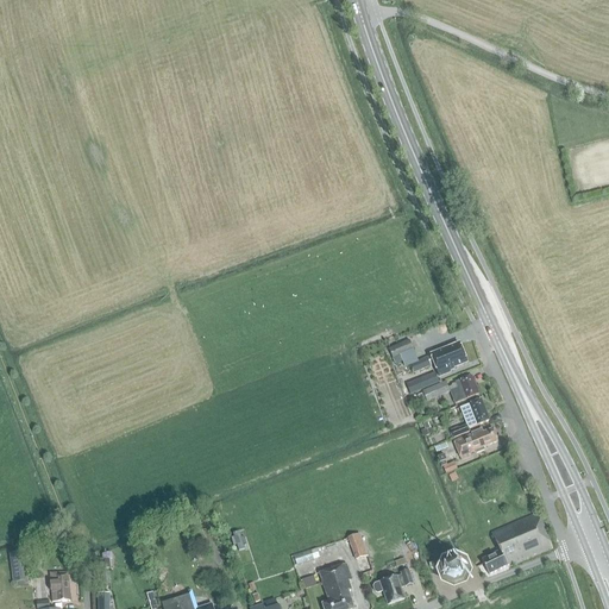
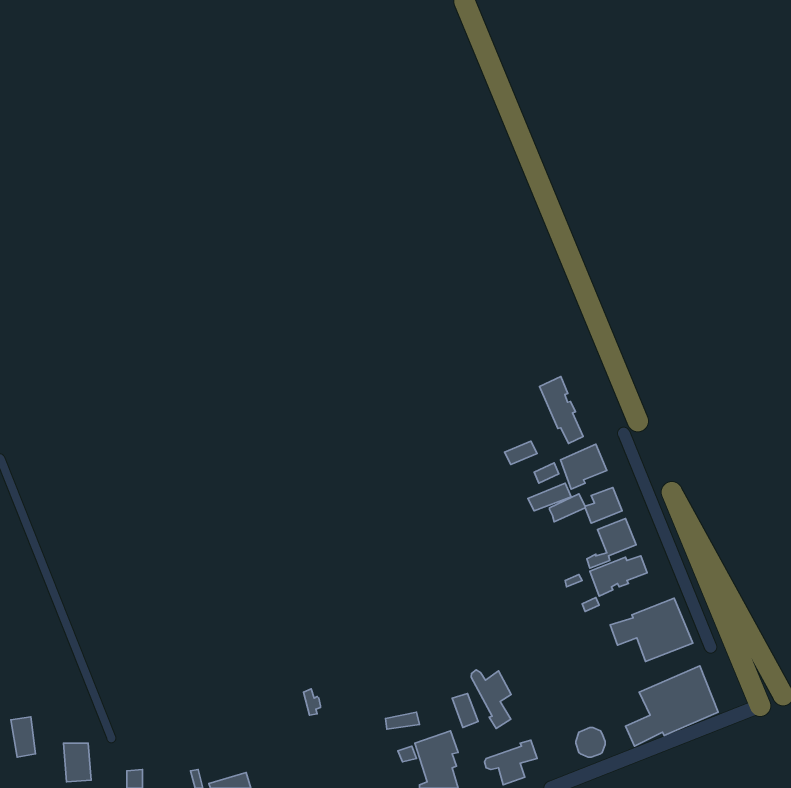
building: none -> [539,377,583,444]
building: none -> [610,598,693,661]
building: none -> [471,670,511,729]

